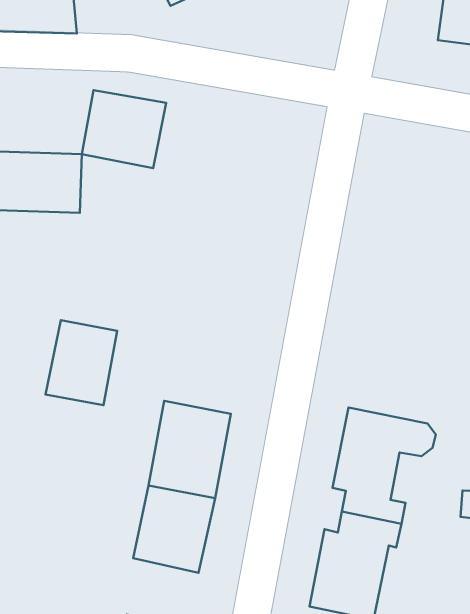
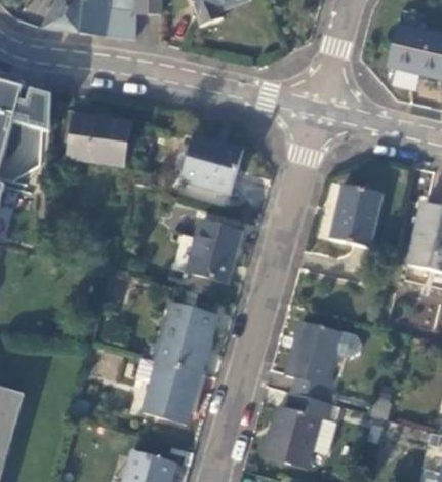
building: [82,90,166,168] -> [180,136,243,195]
building: none -> [329,185,383,248]
building: [46,320,117,405] -> [187,222,241,284]

